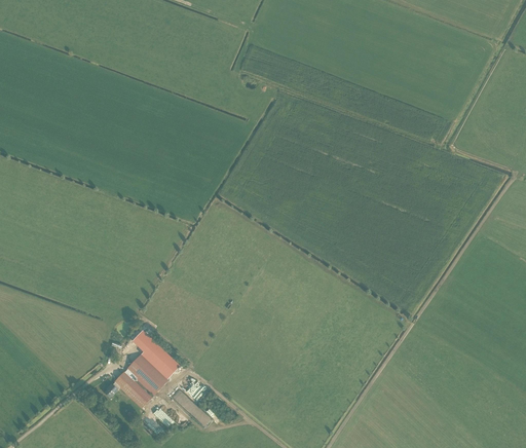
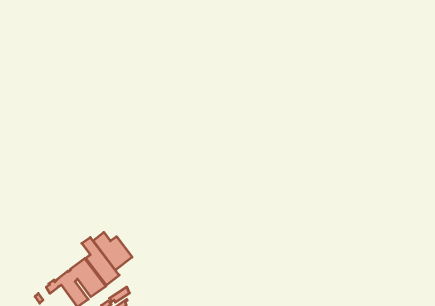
building: none -> [93,232,132,270]

